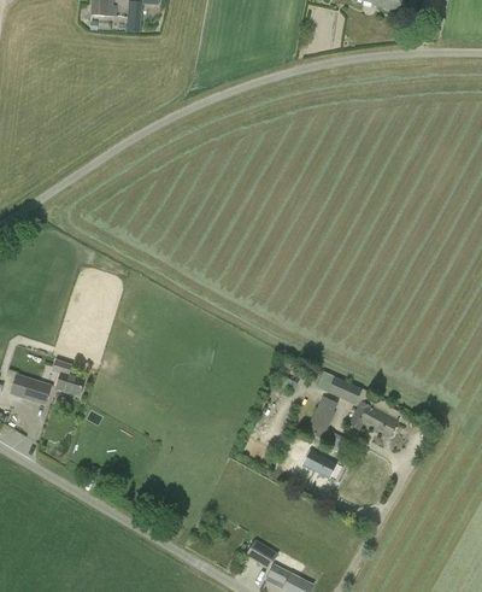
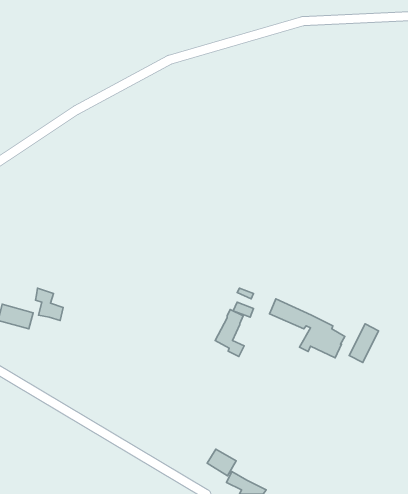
building: [306,395,339,449] -> [215,309,244,357]
building: none -> [349,324,379,363]
building: [302,449,337,479] -> none

